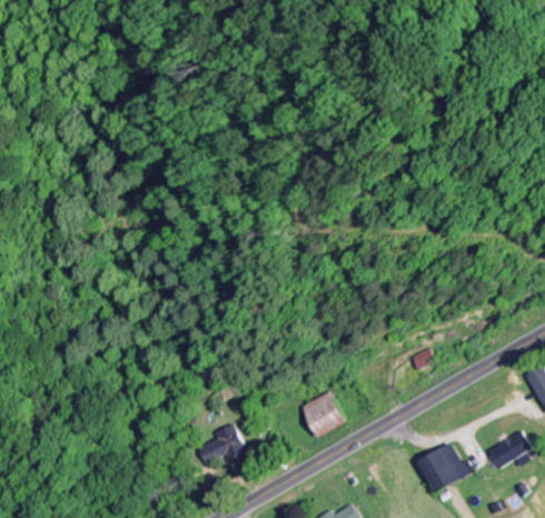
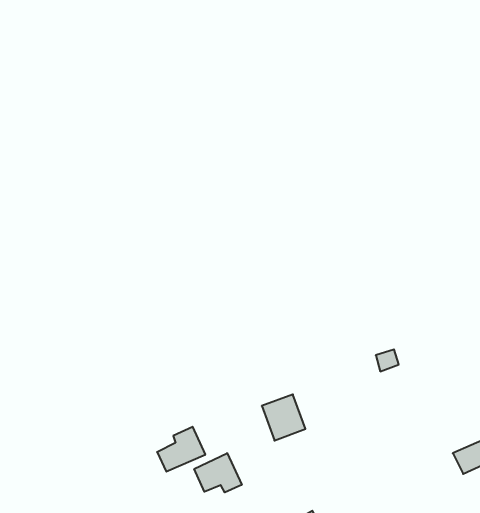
building: [417,442,474,494] -> none
building: none -> [194,453,242,492]

